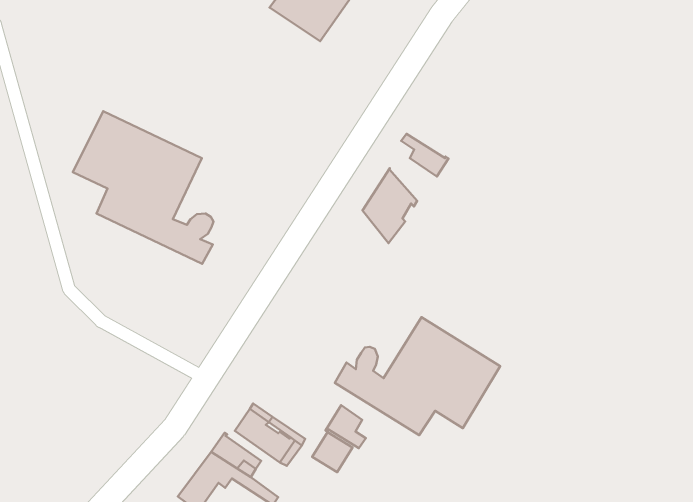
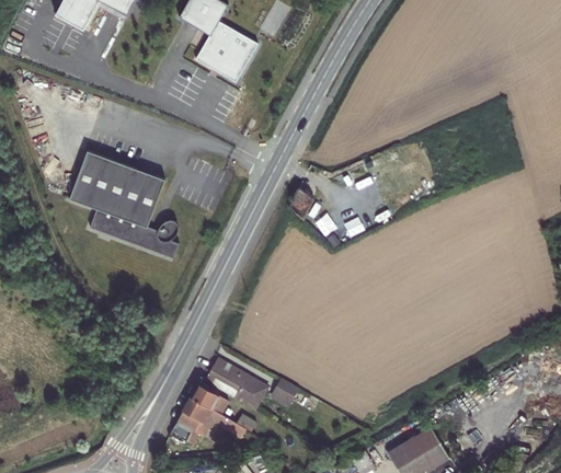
building: [401,134,448,176] -> none
building: [335,317,500,435] -> none
building: [326,405,366,448] -> none

